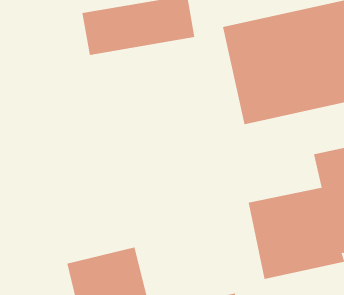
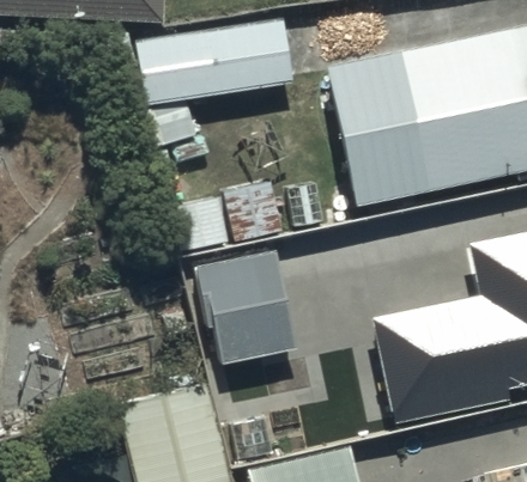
building: none -> [202,246,296,366]

